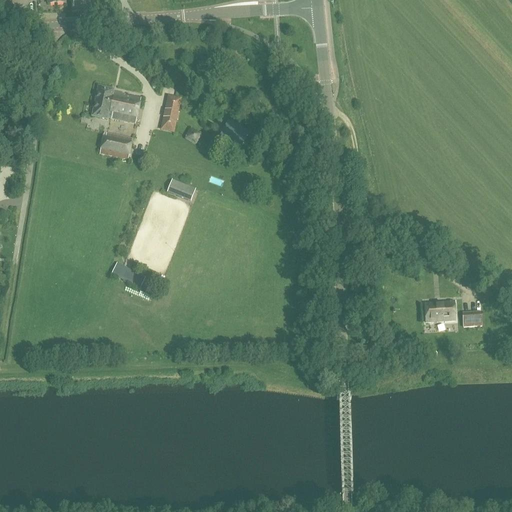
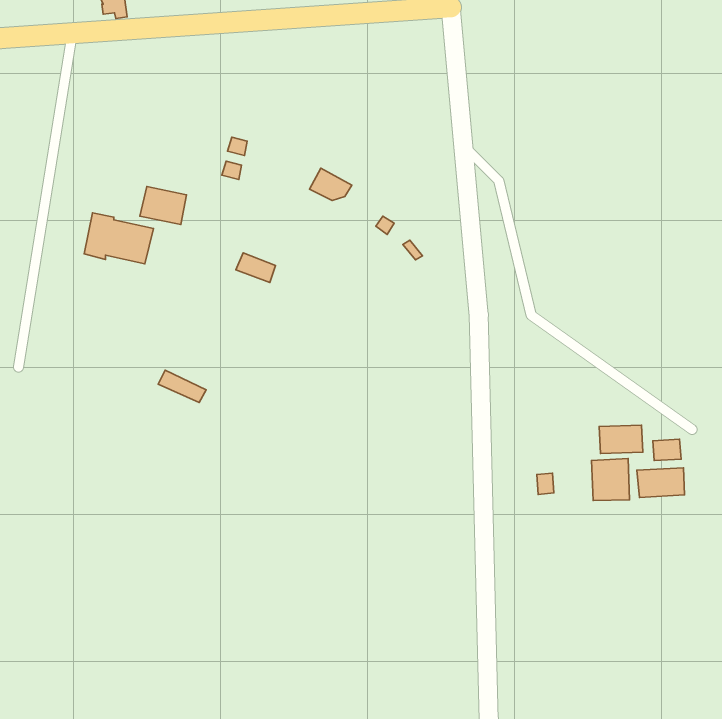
building: [92,86,141,122] -> [84,213,153,264]
building: none -> [592,458,630,501]
building: none -> [637,468,684,498]

